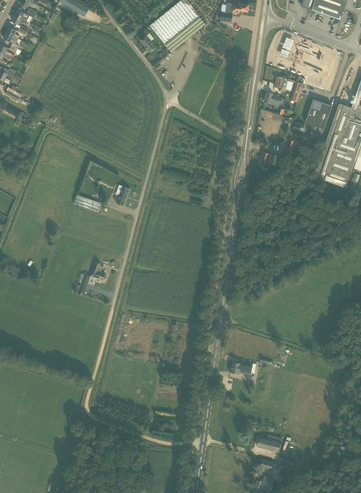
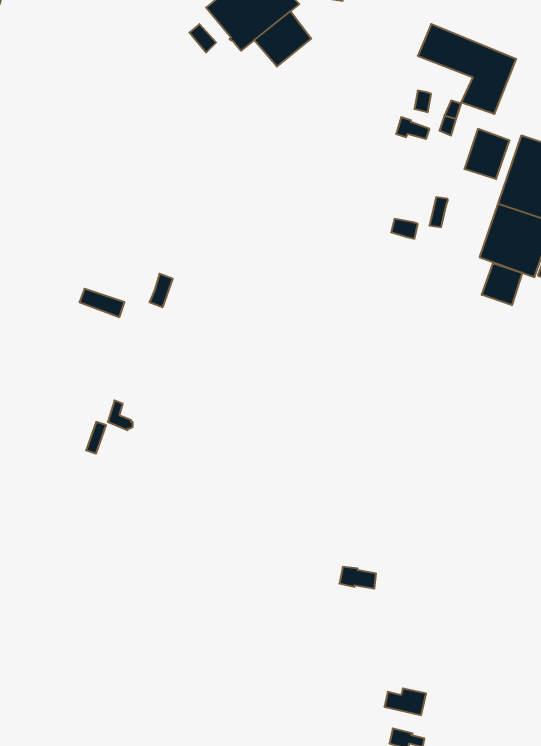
building: none -> [254,11,311,67]
building: none -> [482,263,522,305]

